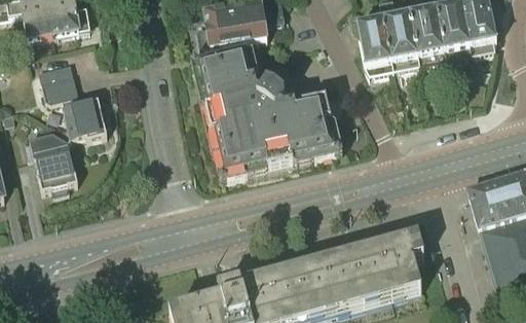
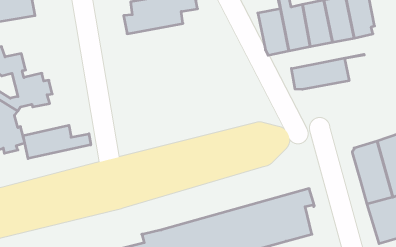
building: [195,46,339,176] -> none
building: none -> [291,54,364,89]
building: none -> [23,125,91,159]

